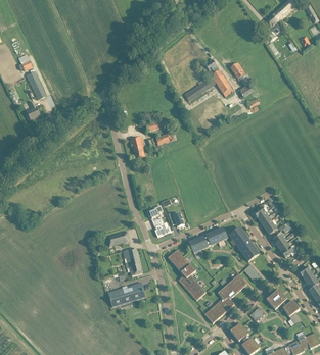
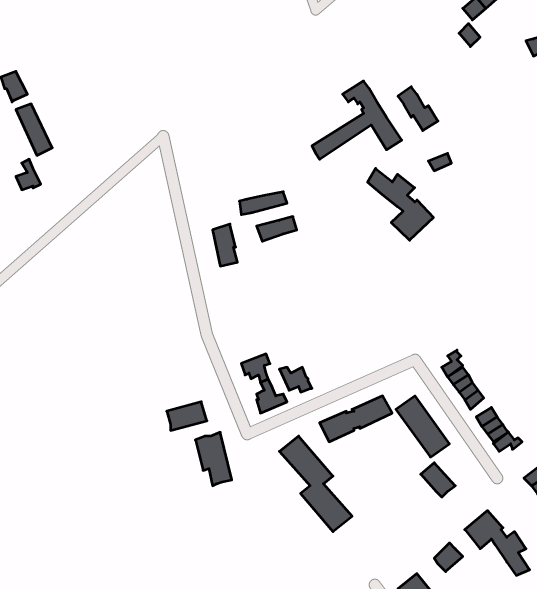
building: none -> [368,168,433,240]
building: [203,273,246,322] -> none
building: [108,285,145,306] -> none

